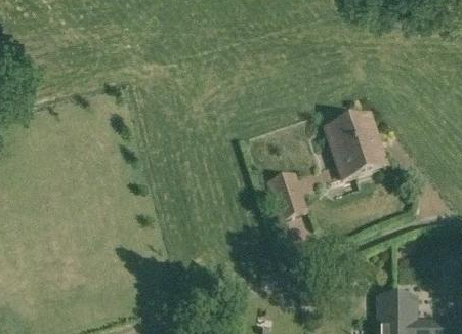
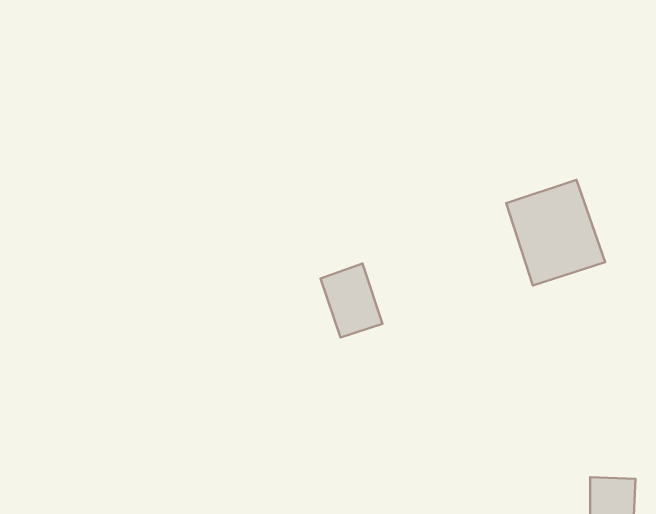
building: [269,176,307,221] -> [320,263,383,337]

